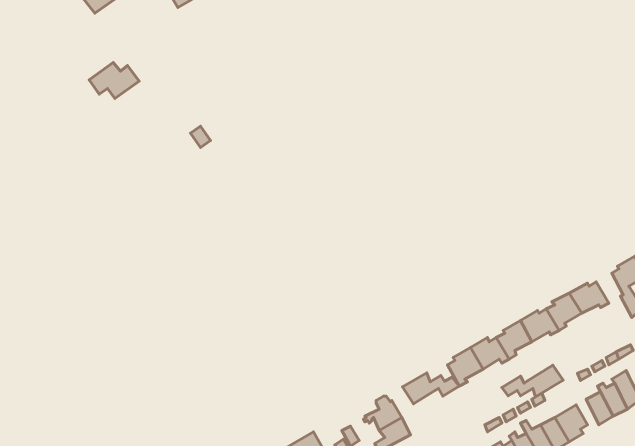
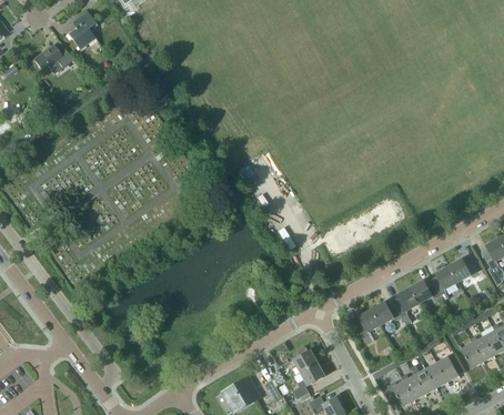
building: [89,63,139,98] -> [34,45,73,73]
building: [502,365,563,397] -> none
building: [402,373,459,404] -> none

